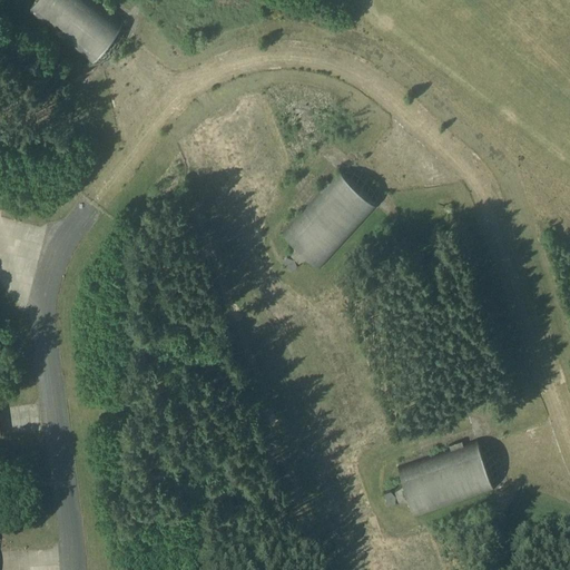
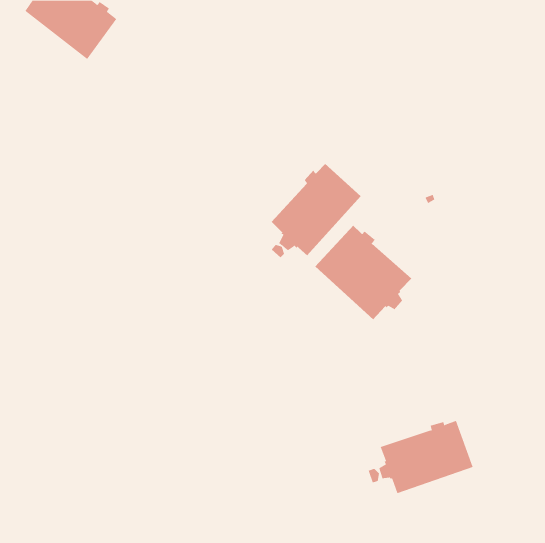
building: none -> [314,225,412,320]

